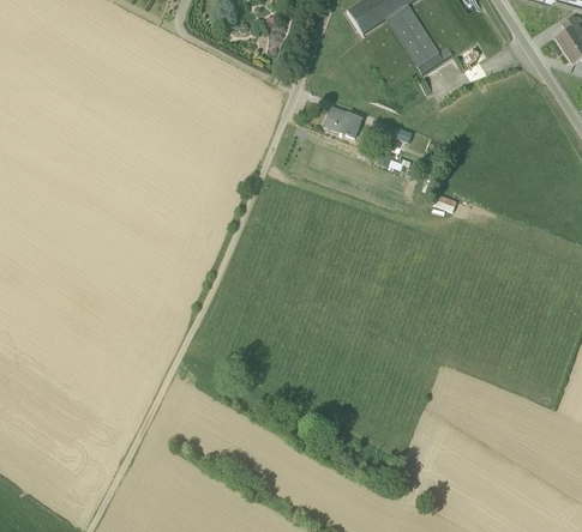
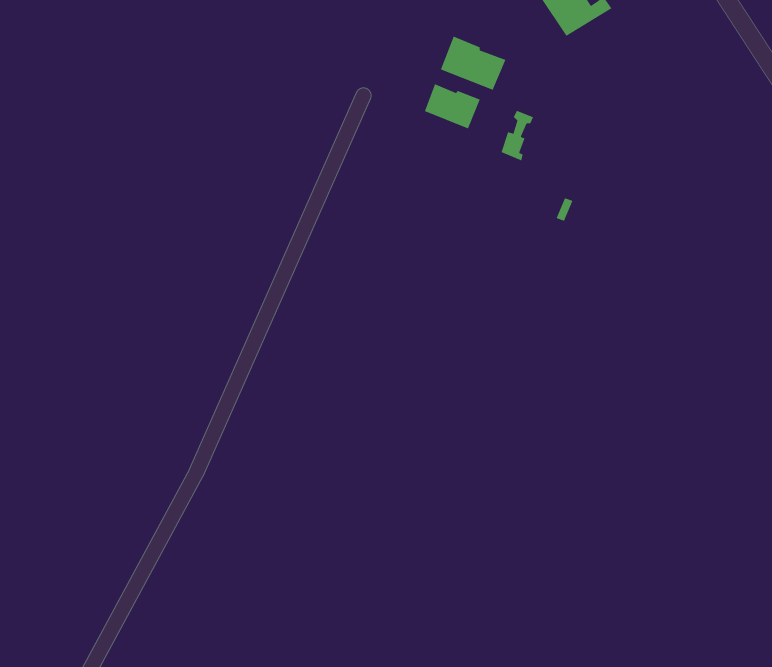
building: none -> [440,35,506,91]

